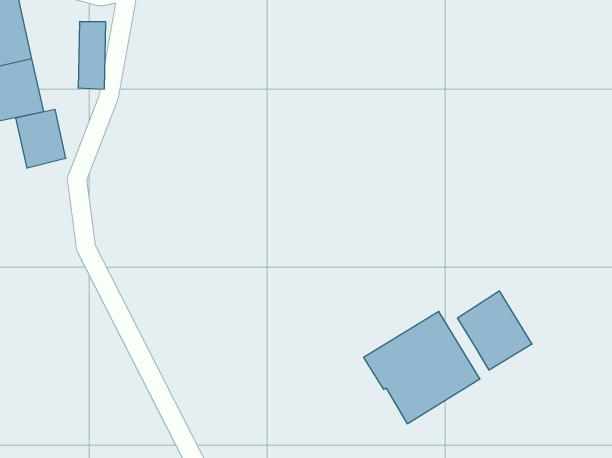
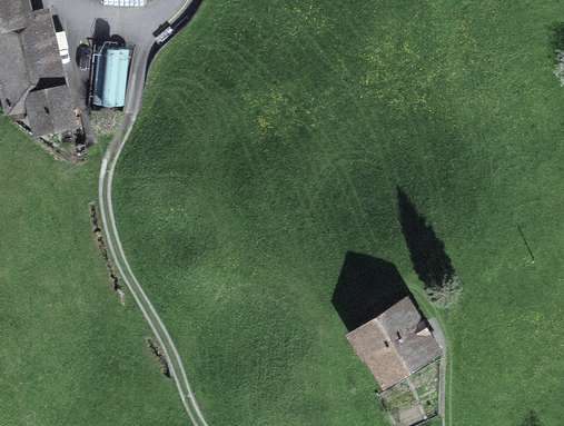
building: [16,109,66,168] -> none
building: [457,291,532,370] -> none

